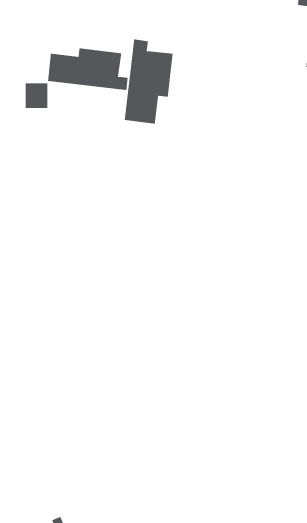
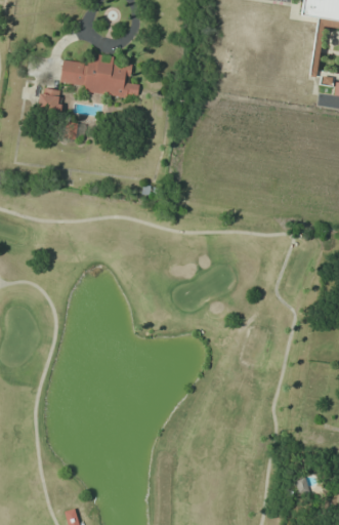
building: [124,38,173,125] -> none

